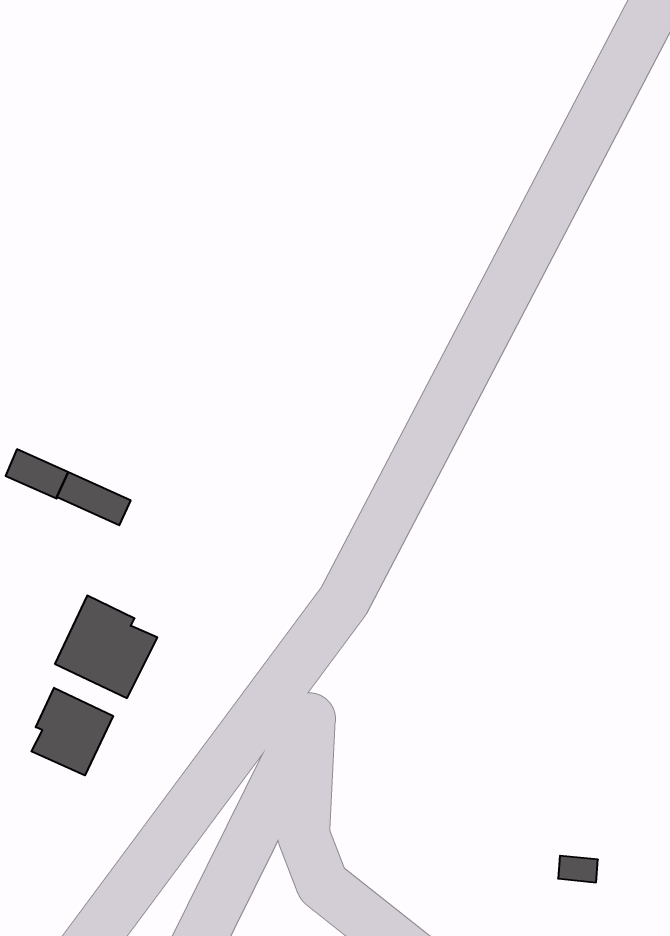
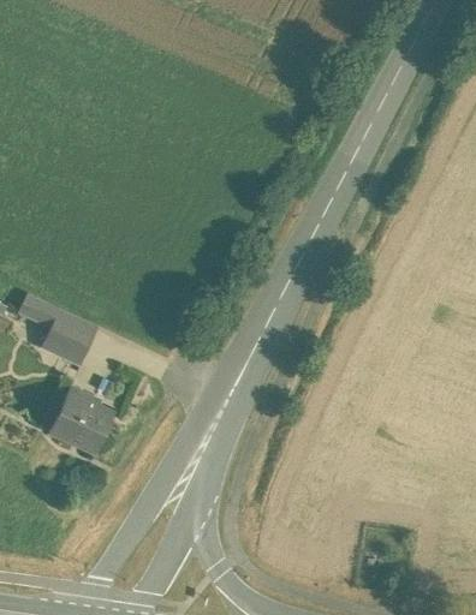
building: none -> [41,326,90,365]
building: [31,688,113,775] -> none

